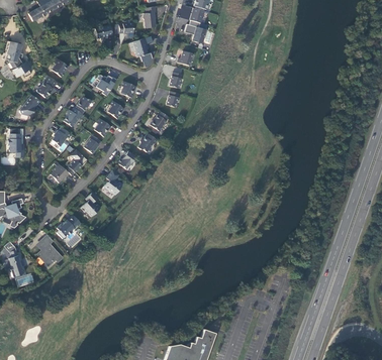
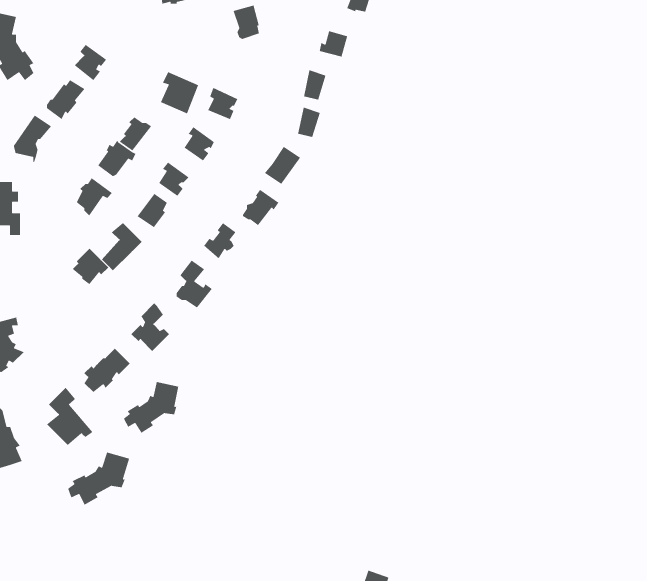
building: none -> [123,381,179,434]
building: none -> [67,452,130,506]

